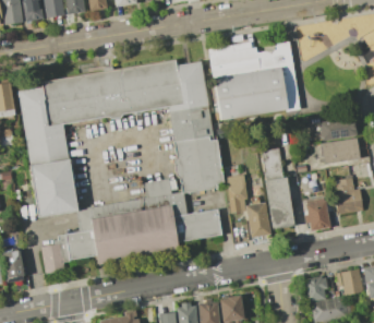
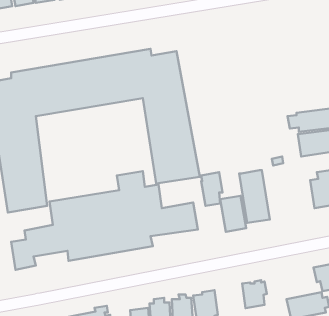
building: [205,41,297,121] -> none
building: [261,148,283,181] -> none
building: [304,198,330,231] -> none
building: [303,276,327,303] -> [242,280,267,308]

